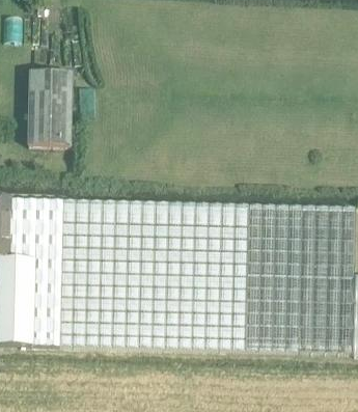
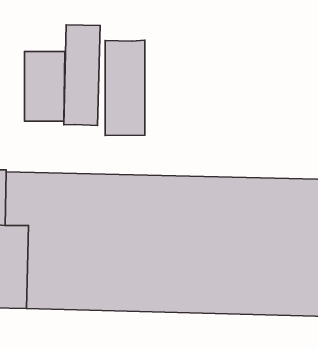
building: none -> [64,25,100,126]
building: none -> [105,40,145,135]

